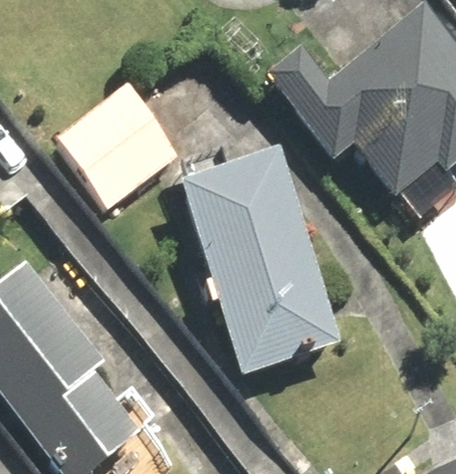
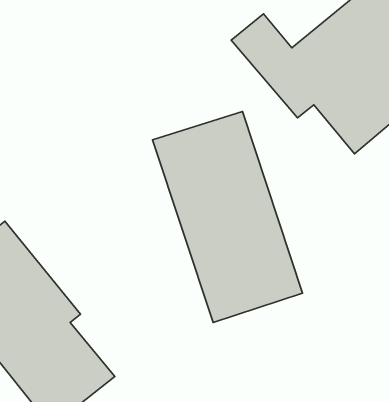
building: [58,81,179,202] -> none

